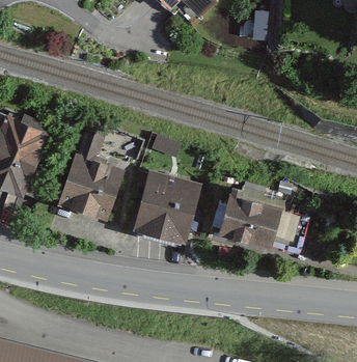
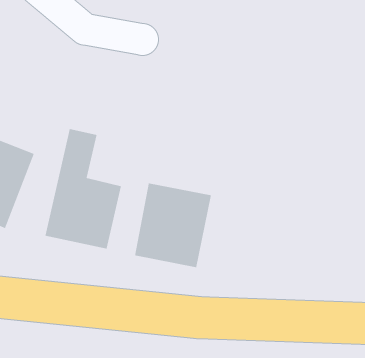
building: [216,189,310,258] -> none

